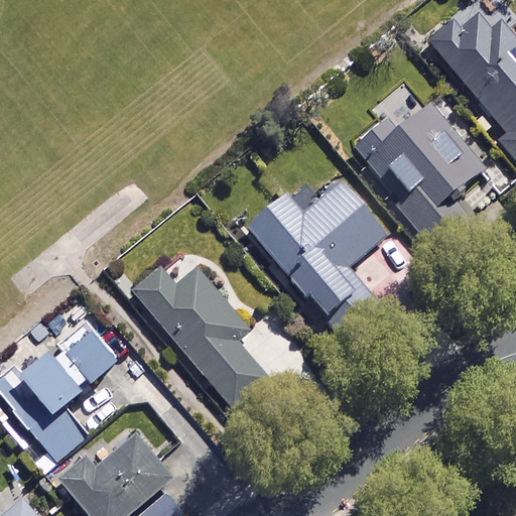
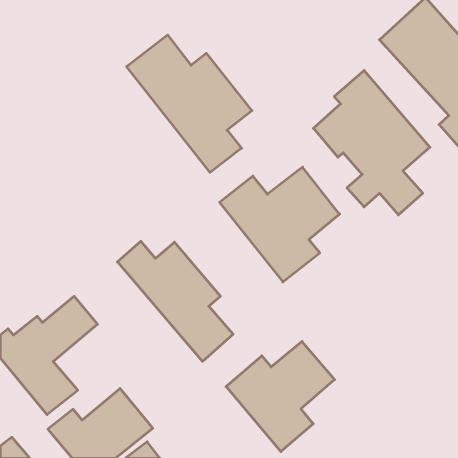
building: none -> [127,35,252,172]
building: none -> [226,341,335,452]

